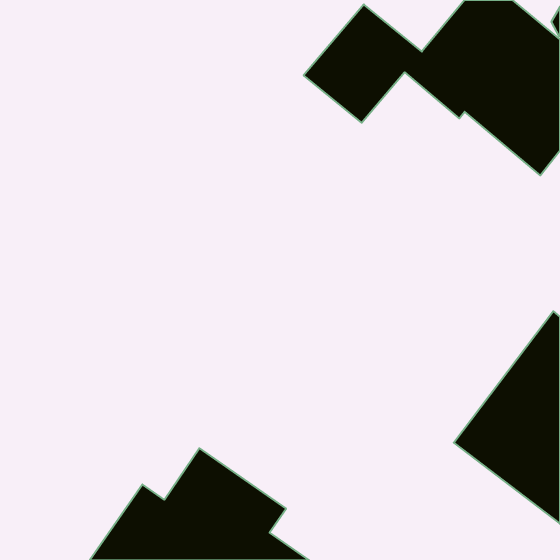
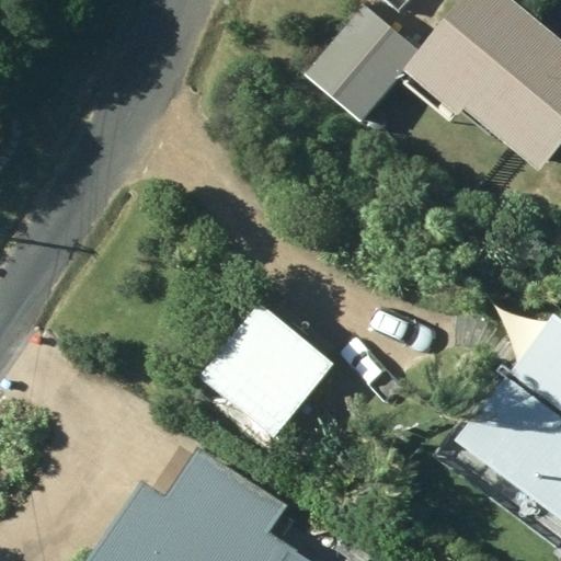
building: none -> [198,302,335,440]

